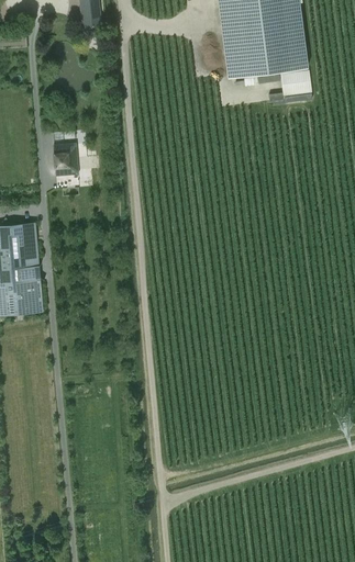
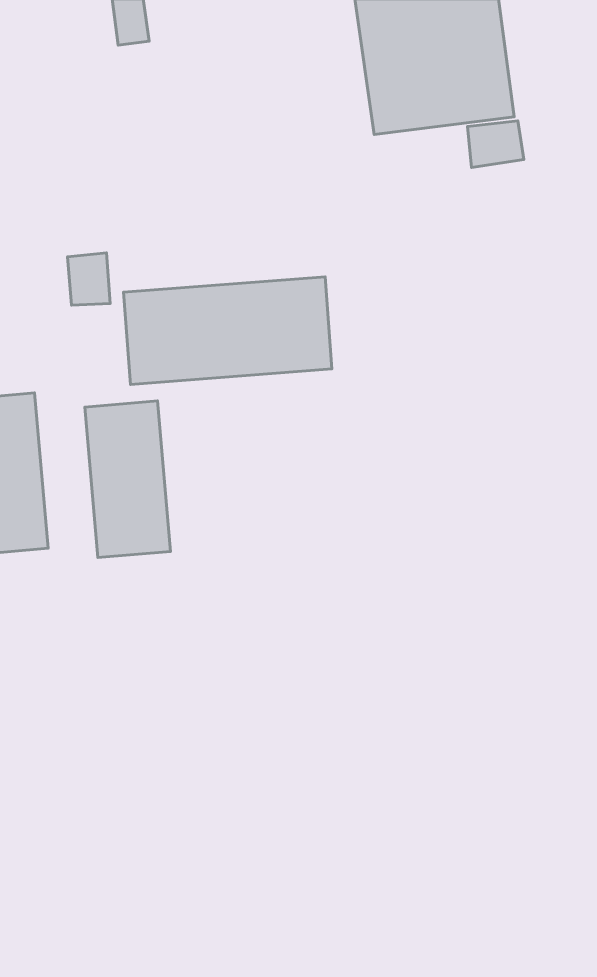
building: none -> [124,277,332,384]
building: none -> [85,401,171,557]

